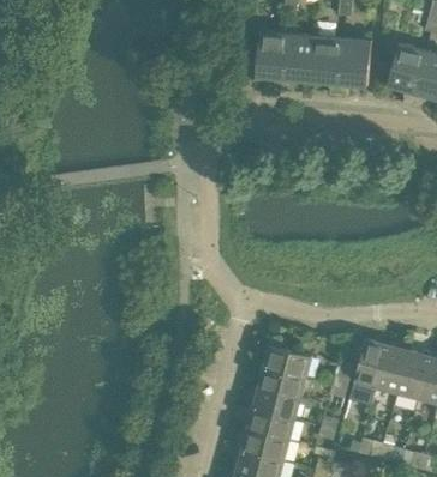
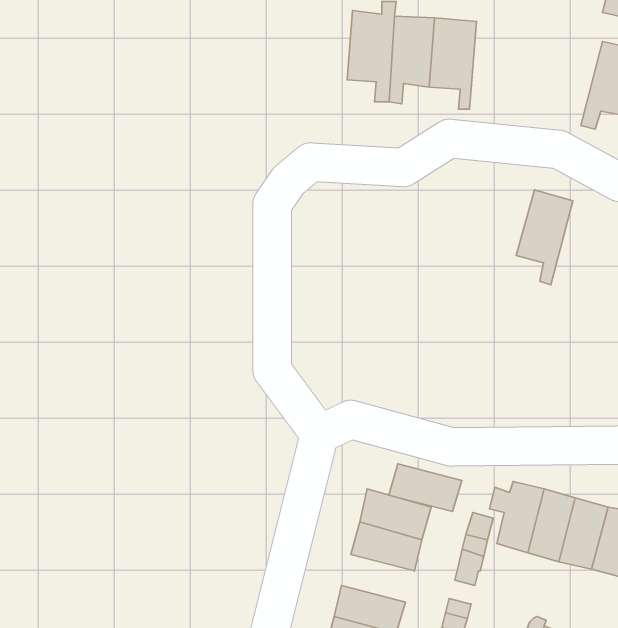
building: [337,37,372,96] -> none
building: [388,43,425,105] -> [516,190,573,285]
building: [253,387,301,418] -> [389,464,462,511]

